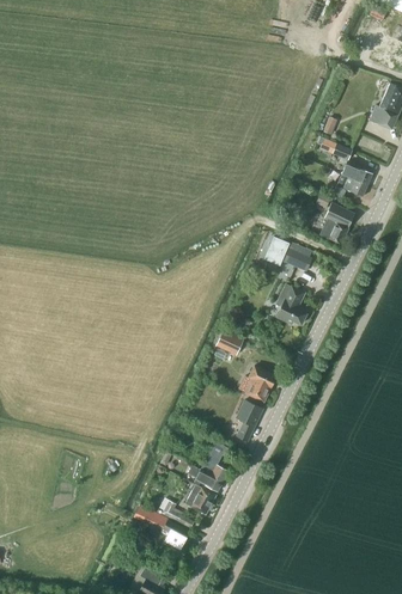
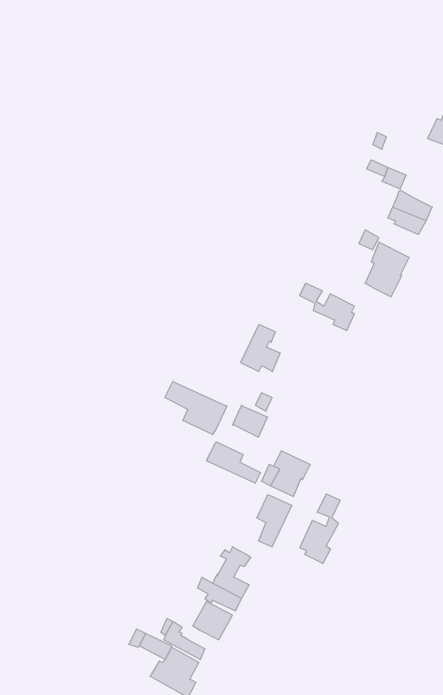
building: [276,287,307,324] -> [241,324,280,372]
building: none -> [165,381,227,435]
building: none -> [207,442,261,483]
building: none -> [300,494,340,564]

